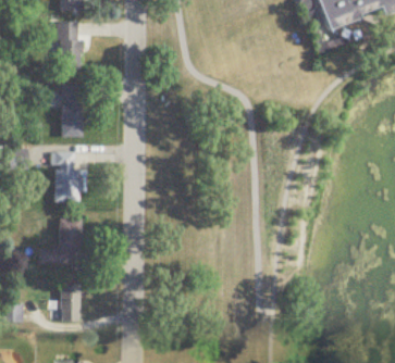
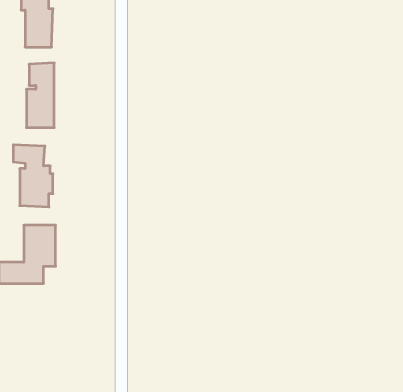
building: [58,285,78,323] -> none

